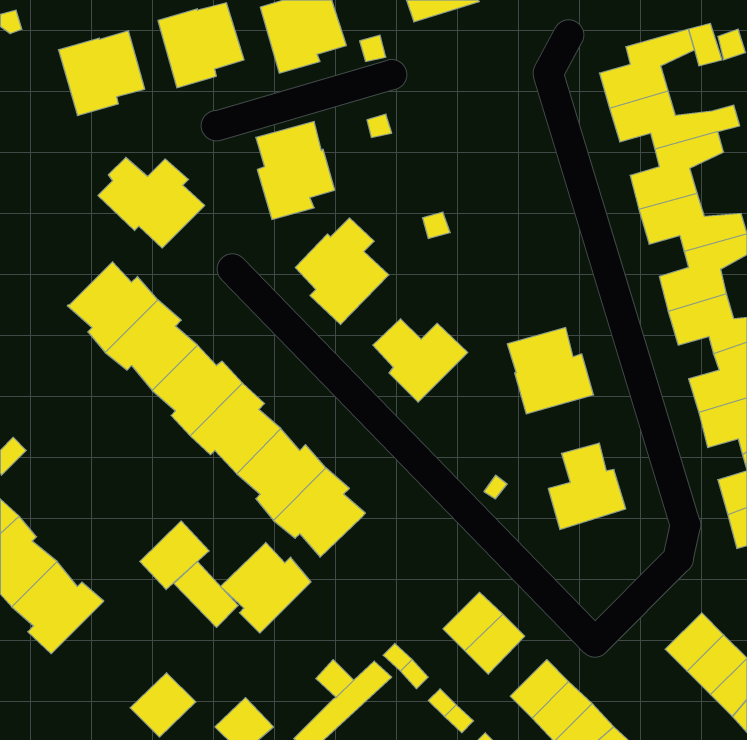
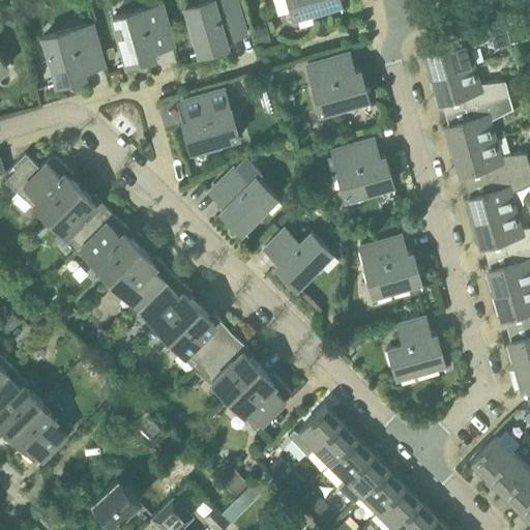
building: none -> [306,55,367,116]
building: [98,157,205,248] -> [4,156,80,220]
building: none -> [331,141,392,201]
building: [140,521,209,590] -> none
building: [220,542,311,633] -> [227,369,291,433]
building: none -> [289,408,340,458]
building: none -> [338,455,387,505]

